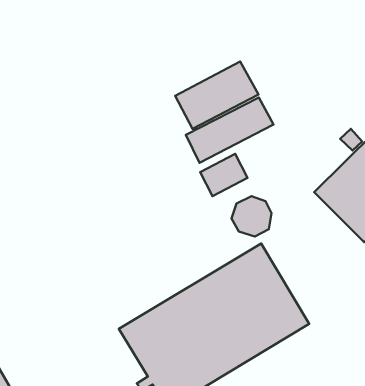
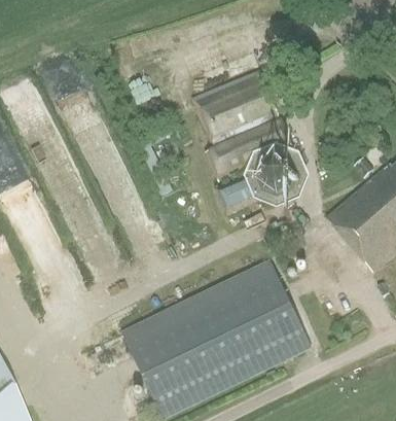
building: [231,196,272,236] -> [257,154,297,195]

